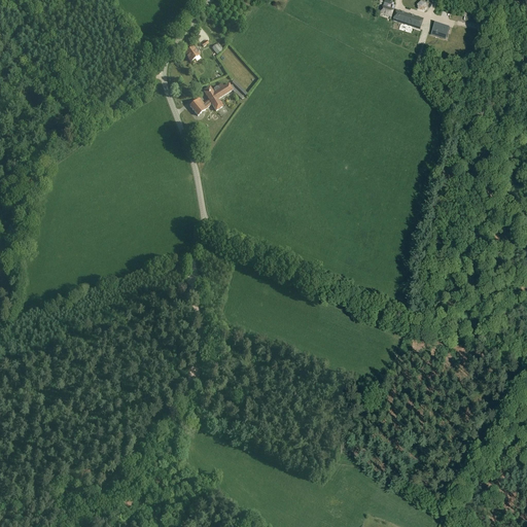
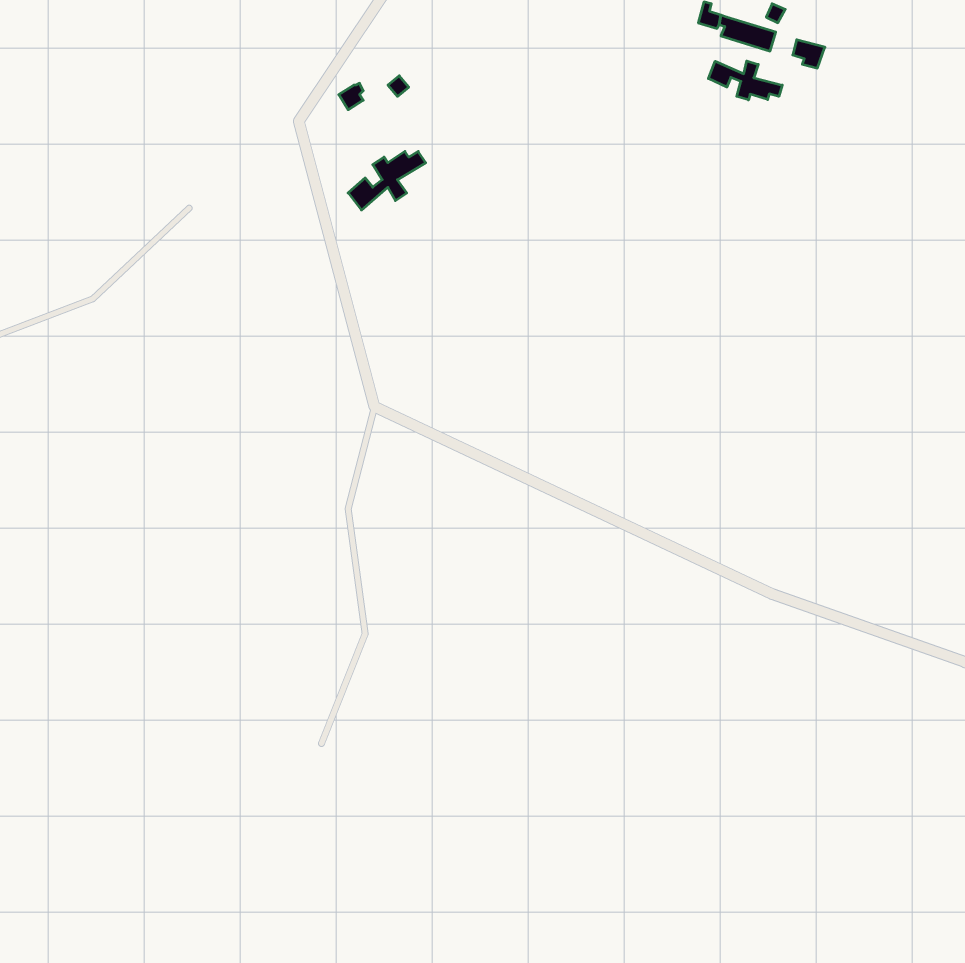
building: none -> [708,61,782,100]

